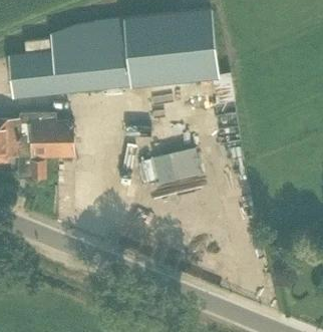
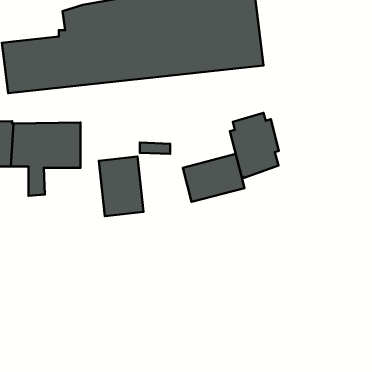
building: none -> [230,113,279,178]
building: none -> [99,156,143,216]

